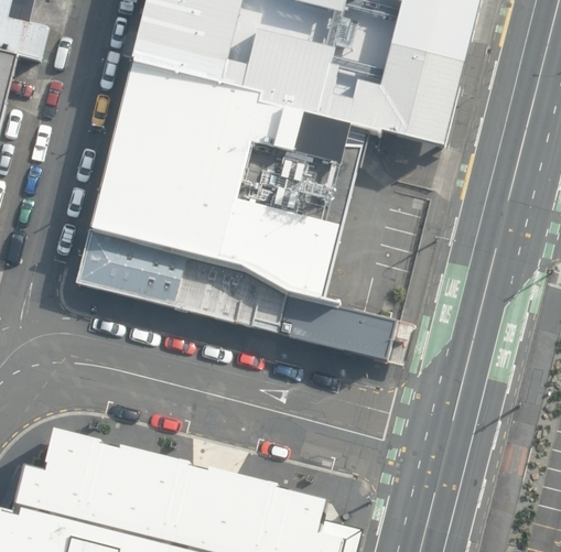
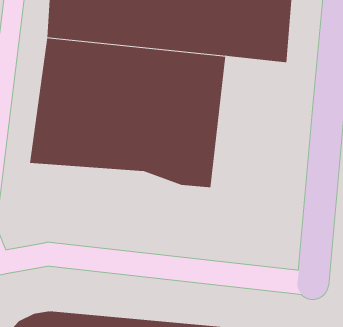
building: [69,230,400,361] -> none

